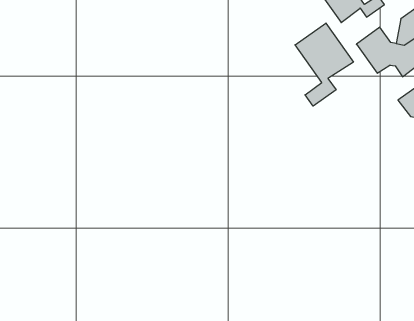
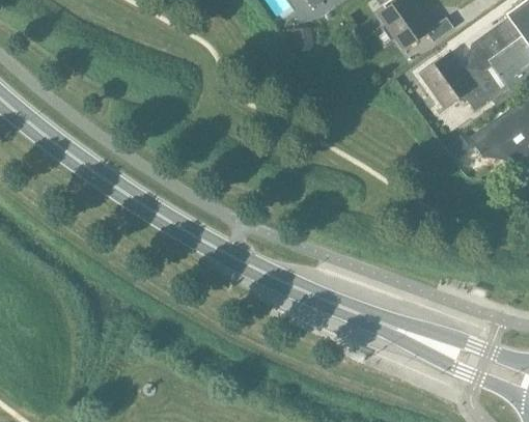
building: [295,23,353,106] -> none

